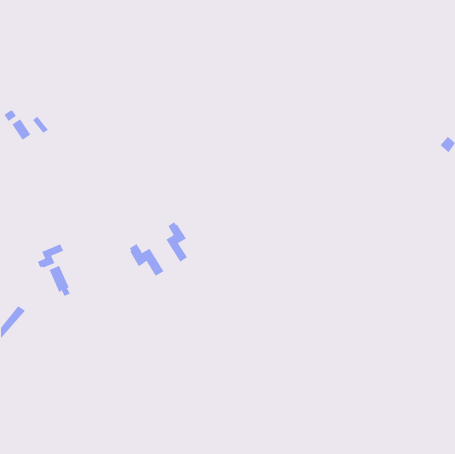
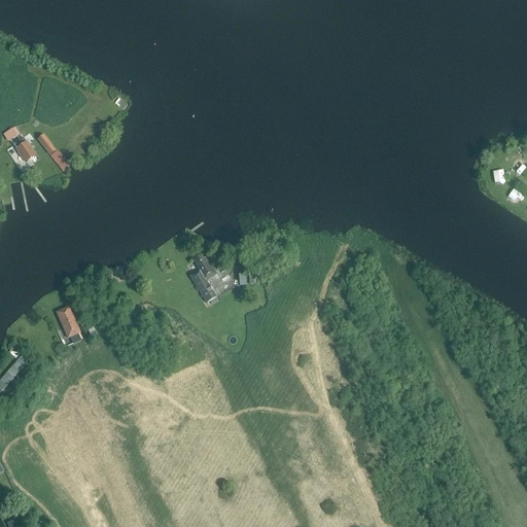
building: [129,243,164,276] -> none
building: [37,243,64,268] -> none

